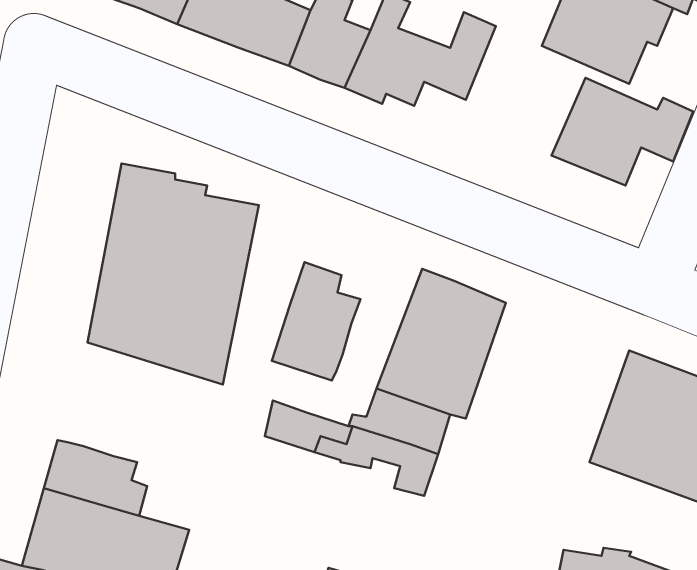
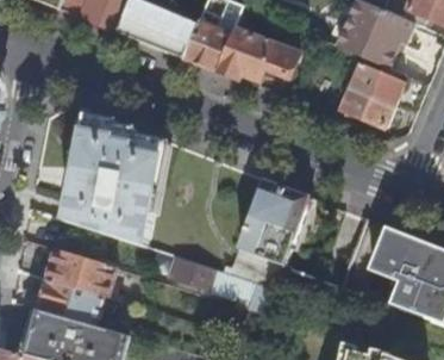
building: [272,262,361,380] -> none
building: none -> [46,252,115,298]

